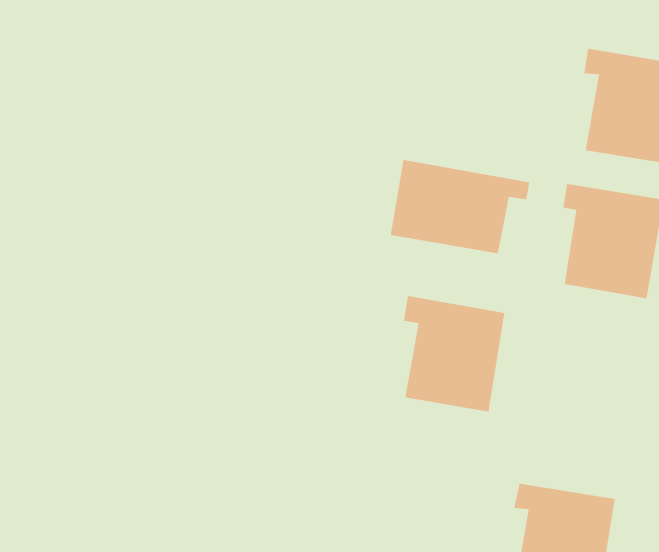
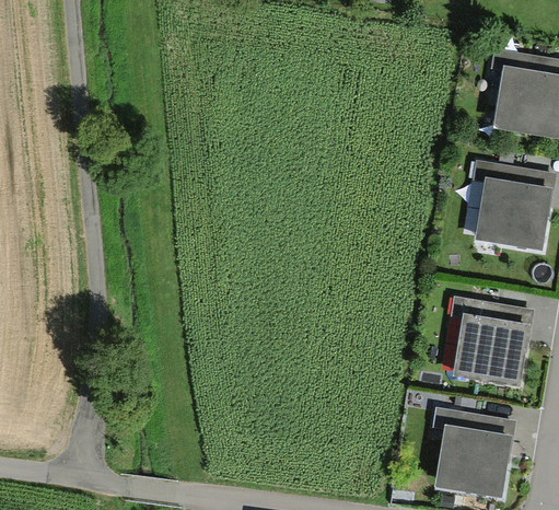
building: [390,159,530,254] -> none
building: [403,296,505,412] -> [450,294,534,391]

